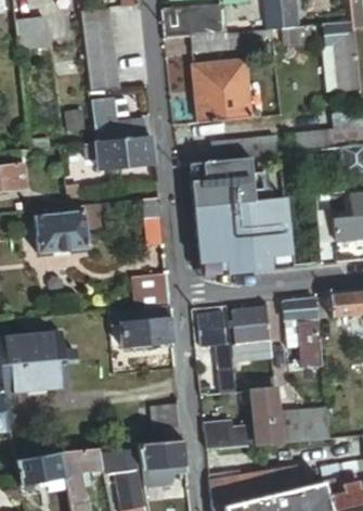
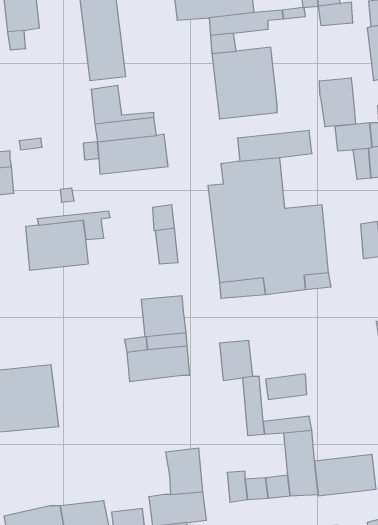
building: none -> [319,78,356,127]
building: [283,297,322,367] -> none
building: [233,308,271,345] -> none

